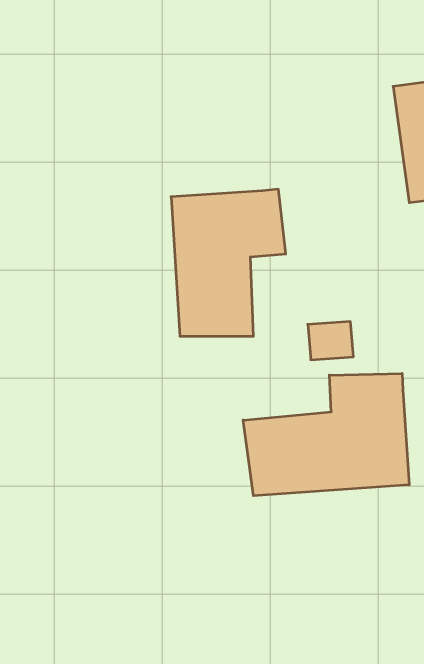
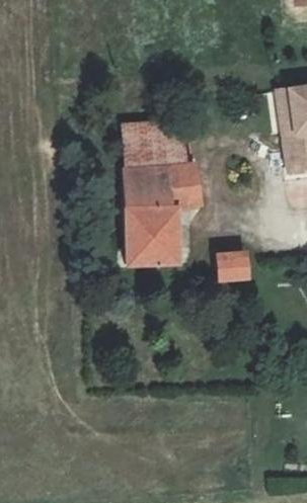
building: none -> [123,122,186,168]
building: [243,373,409,496] -> none

